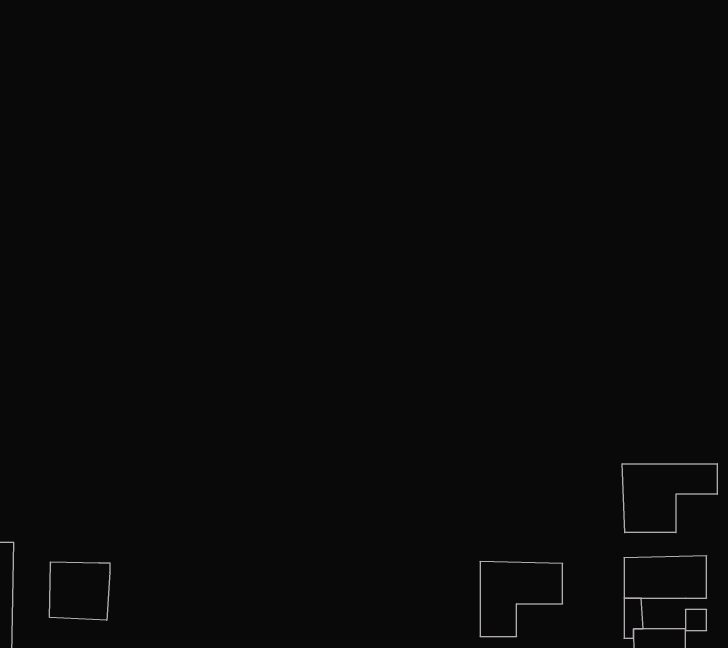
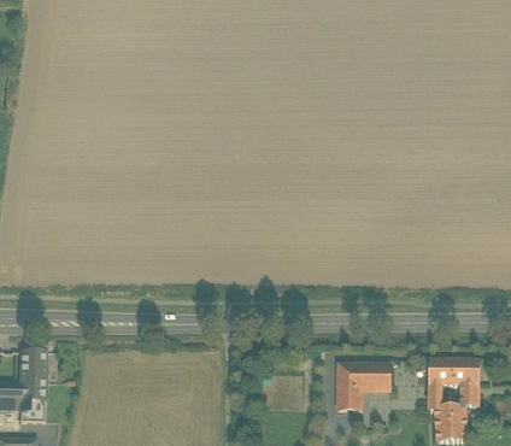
building: [622,464,717,533] -> none
building: [50,562,110,620] -> none

